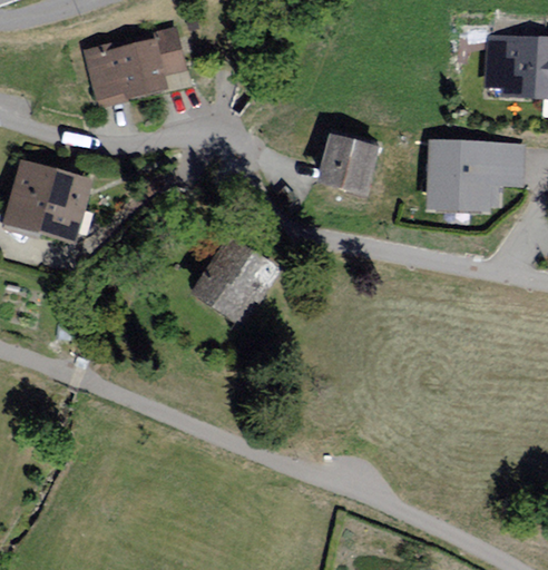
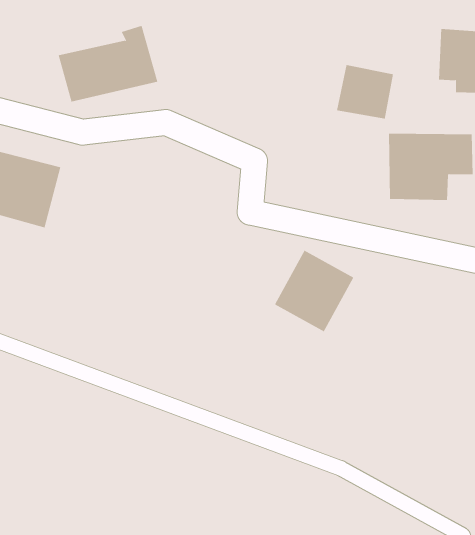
building: [321,136,381,193] -> [336,65,394,119]
building: [192,236,275,322] -> [274,250,354,332]

